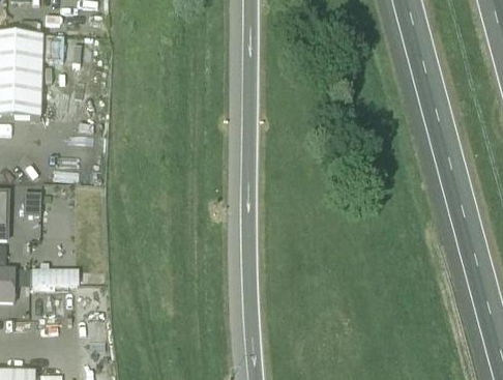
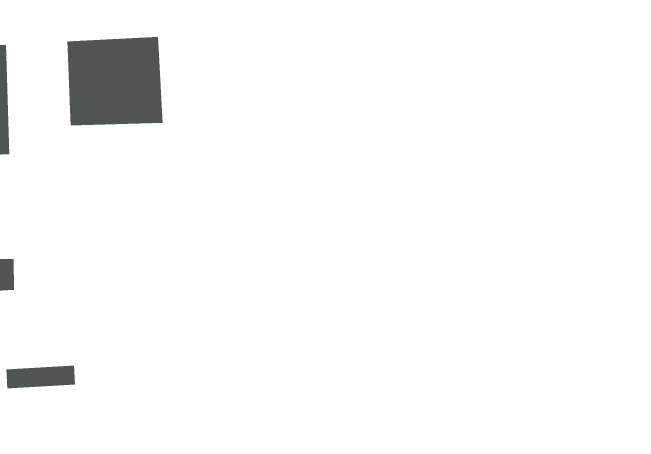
building: none -> [67,36,163,126]

